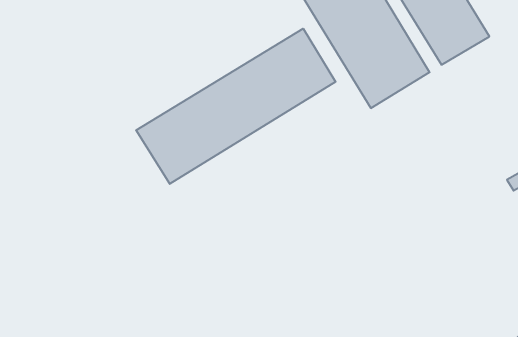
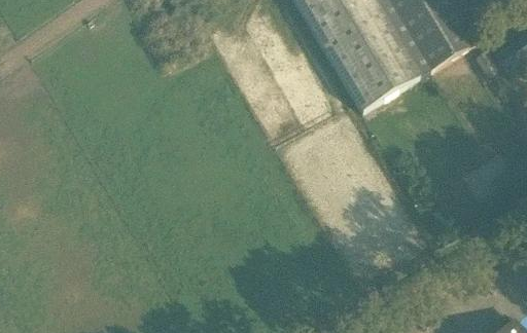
building: [136,29,336,184] -> none

